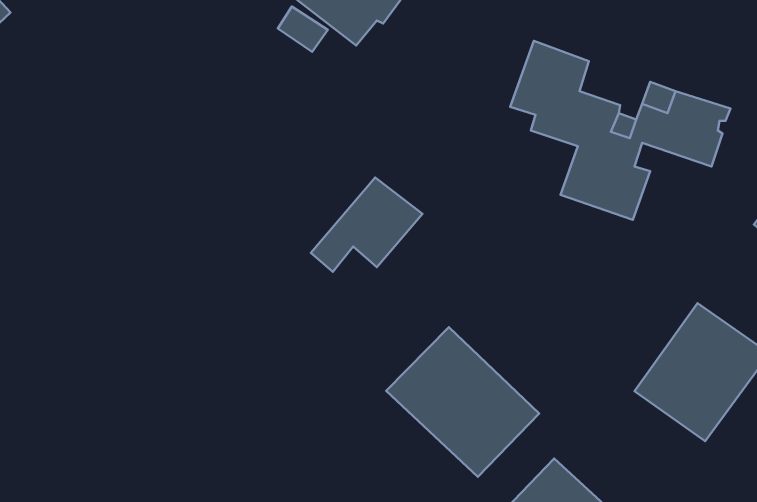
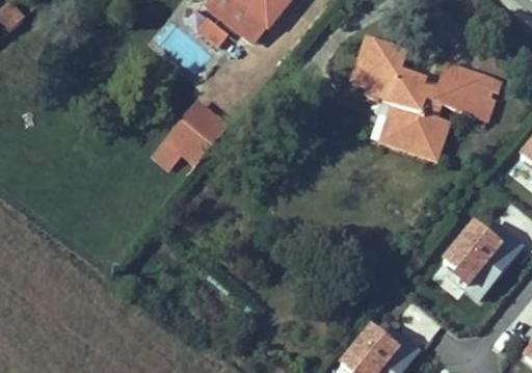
building: [311,178,422,272] -> [154,106,228,168]
building: [386,327,539,477] -> none

